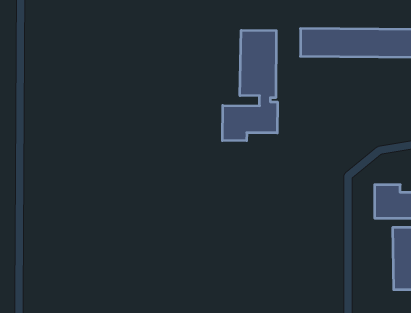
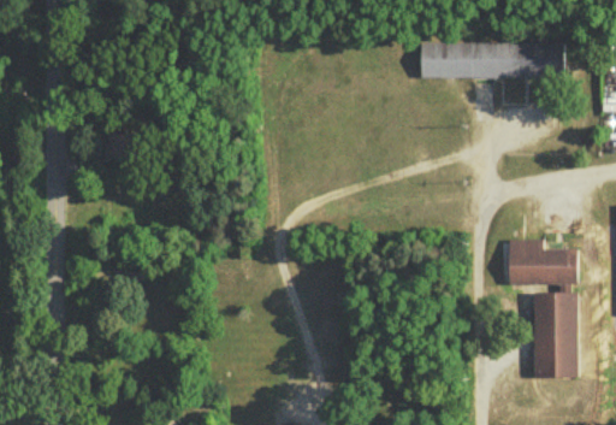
building: [222,30,277,141] -> none

